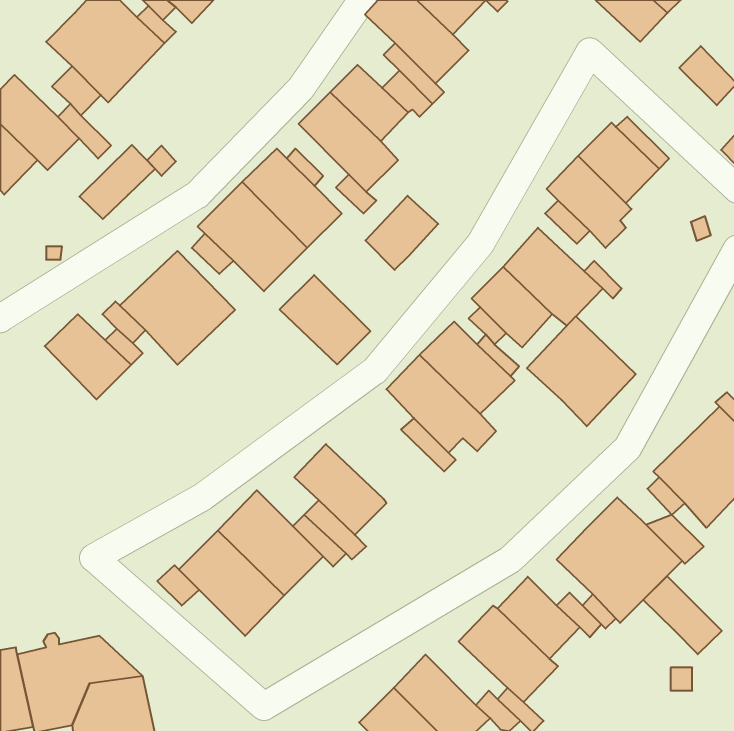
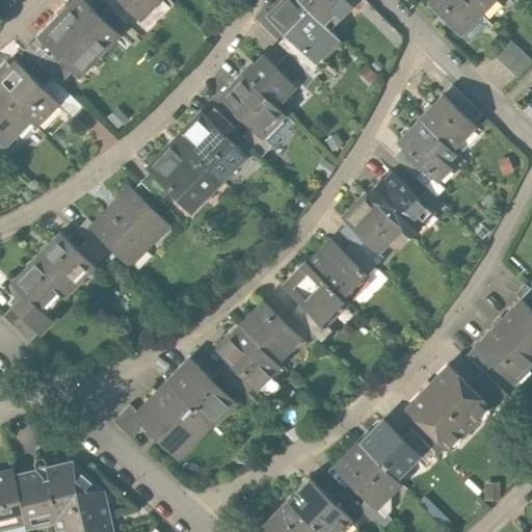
building: [79,145,155,219] -> none
building: [365,196,438,270] -> none
building: [280,275,370,364] -> [237,299,302,364]
building: [527,316,636,426] -> none
building: none -> [8,254,72,336]
building: [643,576,722,654] -> none

